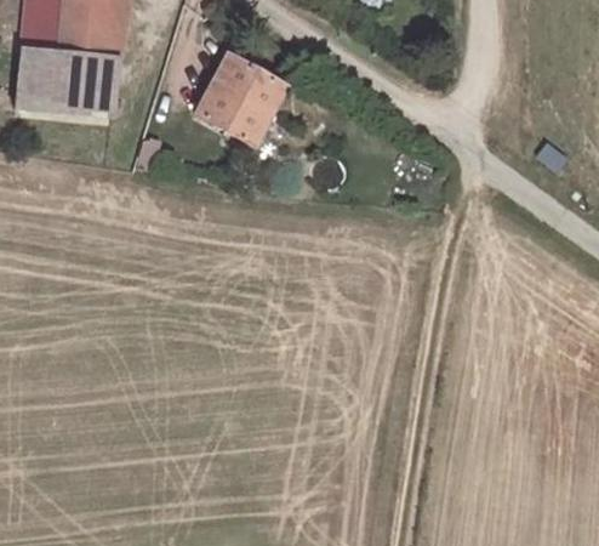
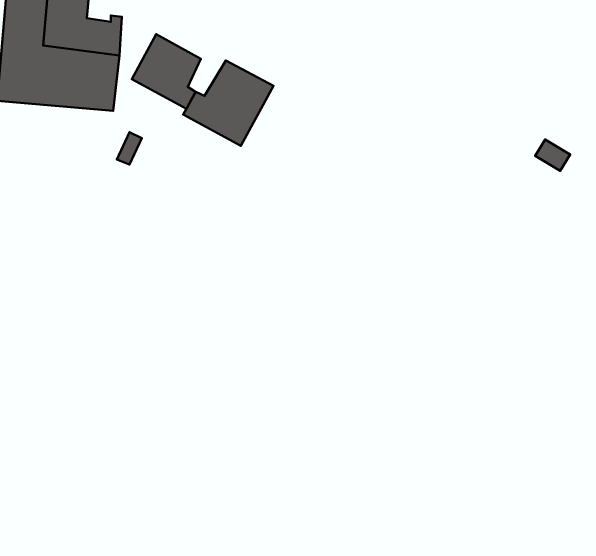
building: none -> [132,34,201,109]

